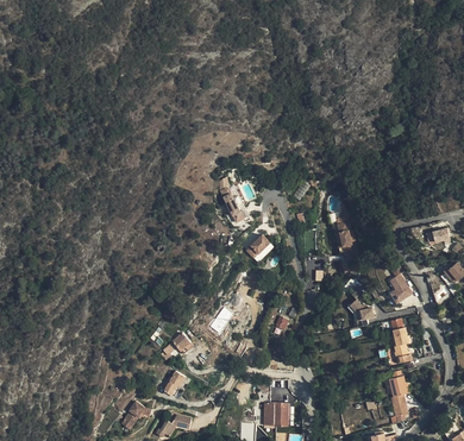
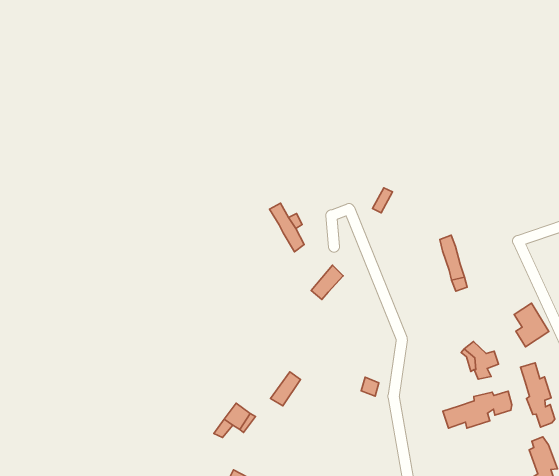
building: none -> [443,391,512,428]

